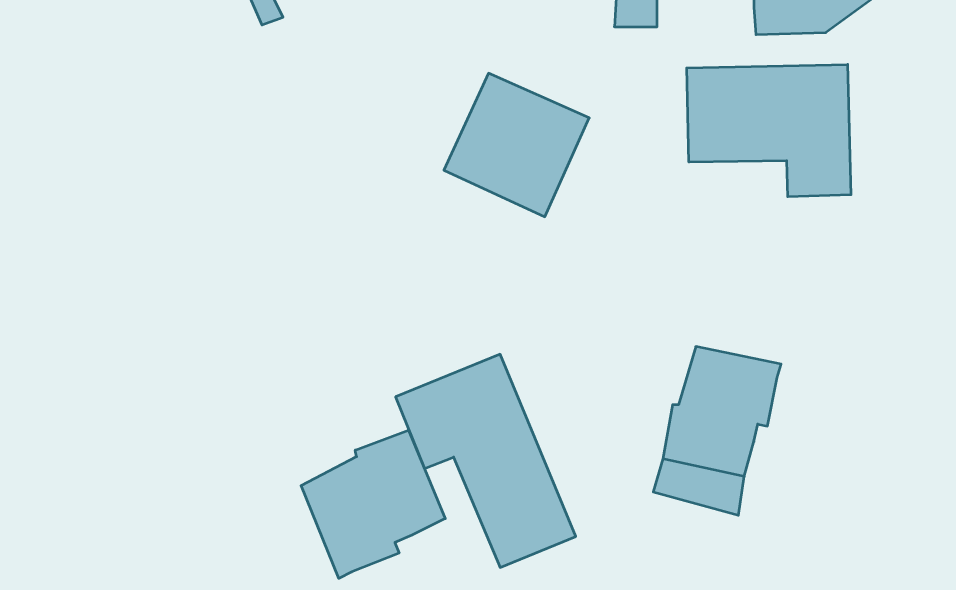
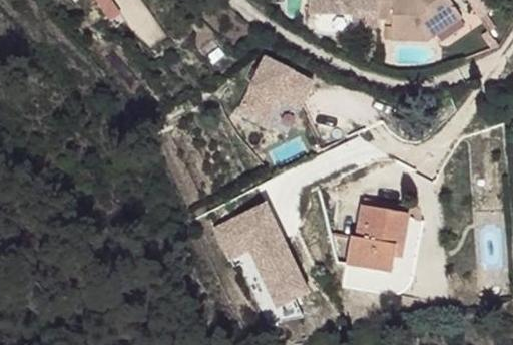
building: [687,64,851,197] -> none
building: [301,430,445,578] -> none

